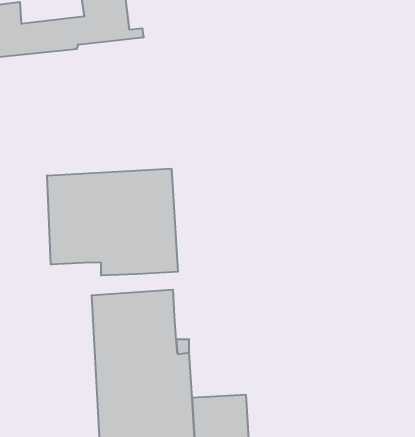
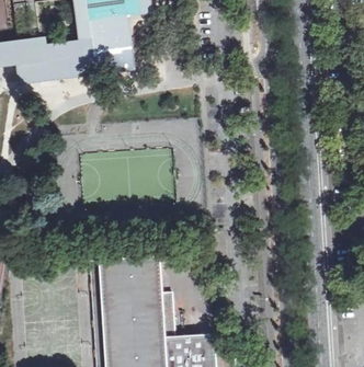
building: [47,169,178,276] -> none

